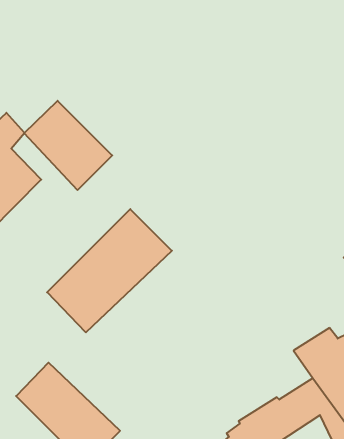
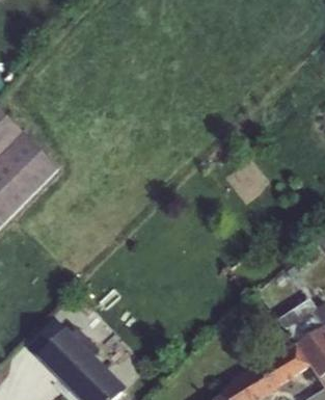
building: [24,101,112,190] -> none
building: [47,209,172,332] -> none

